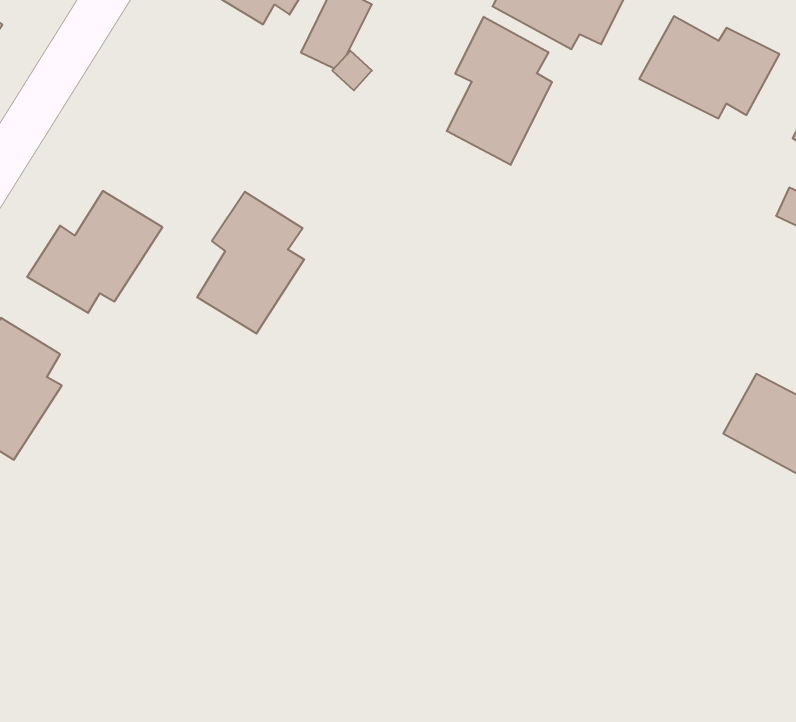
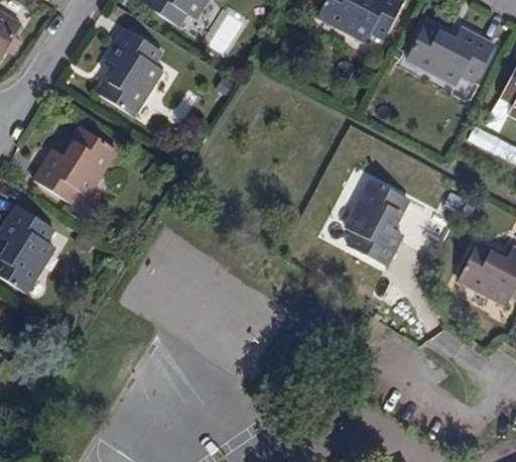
building: [447,17,552,165] -> none
building: [197,192,304,334] -> [96,29,161,116]
building: none -> [345,179,409,264]

